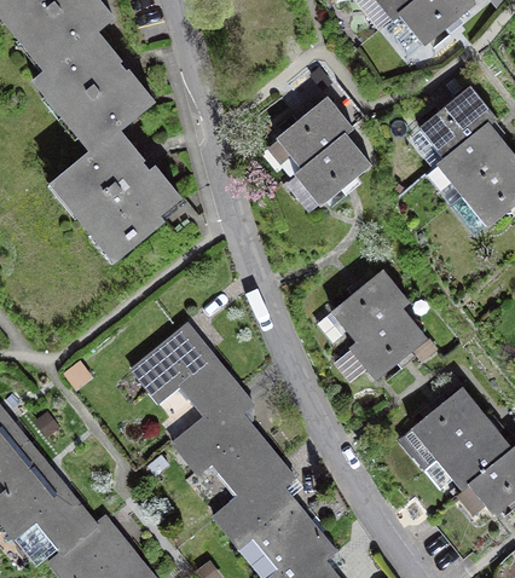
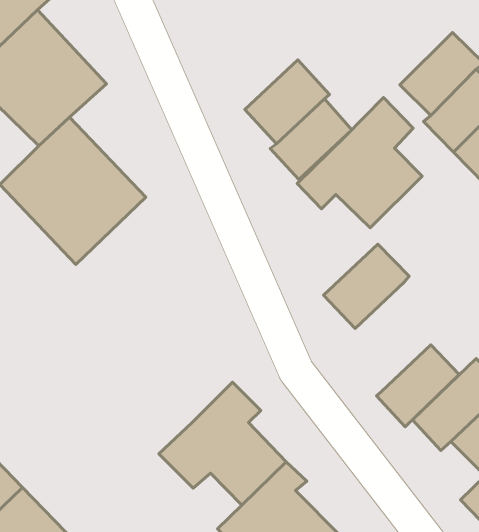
building: none -> [297,97,422,228]
building: [351,308,427,380] -> [377,345,459,427]
building: [127,318,241,416] -> none

